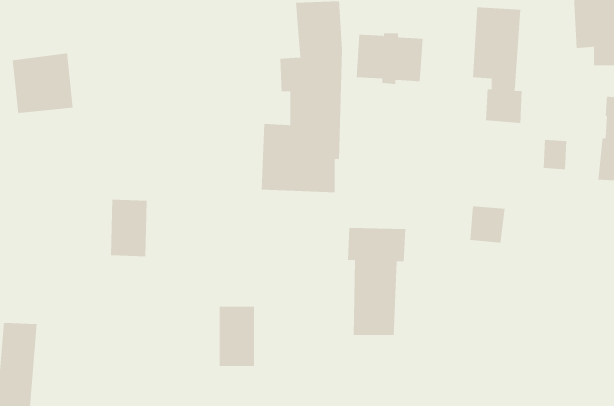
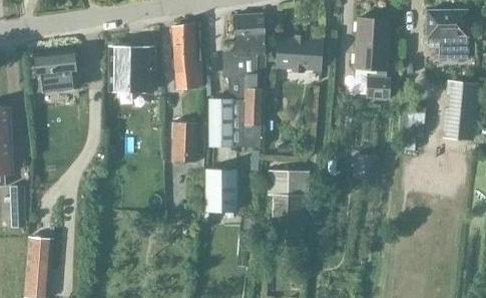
building: none -> [174,22,202,90]
building: none -> [108,47,151,91]
building: [110,199,148,257] -> [170,122,196,163]
building: [219,306,255,367] -> [209,171,234,213]

